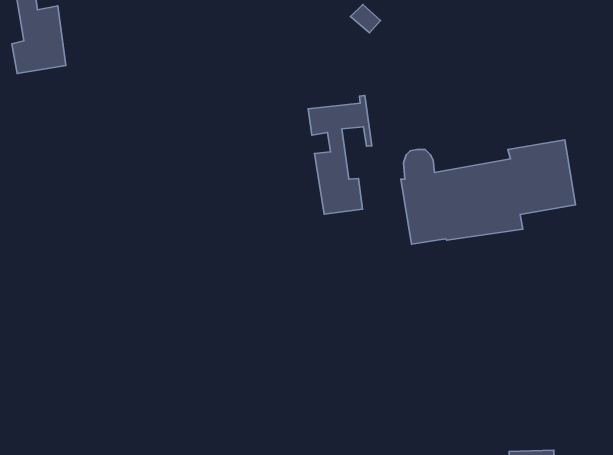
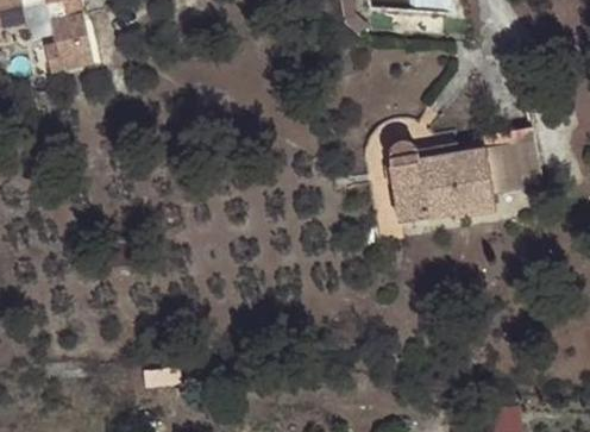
building: [308,96,372,214] -> none

